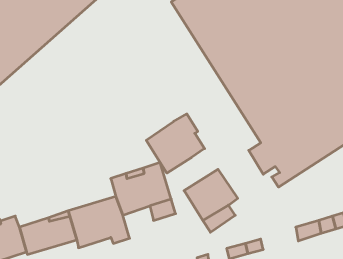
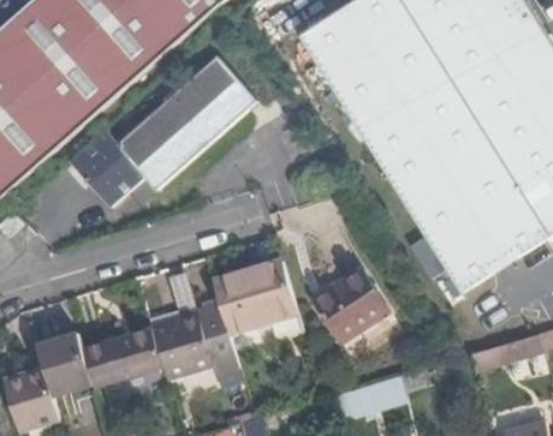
building: none -> [69,55,255,207]
building: [146,114,205,173] -> none

